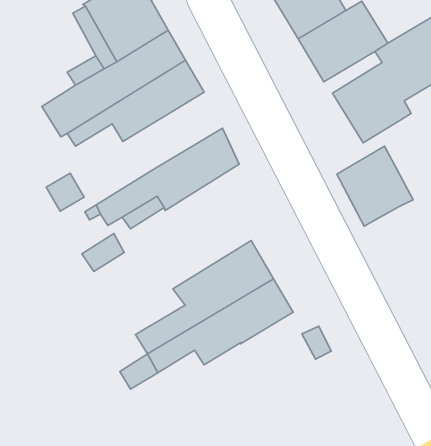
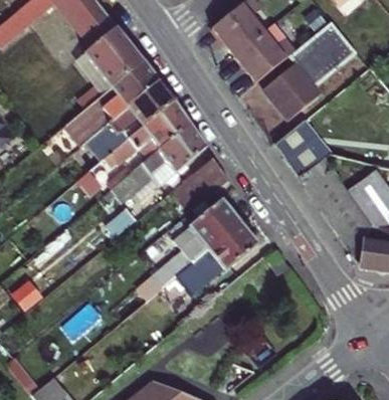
building: none -> [109,101,190,166]
building: none -> [171,157,227,213]

